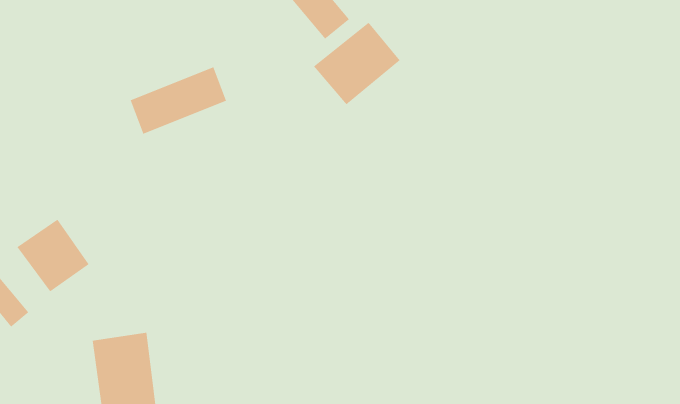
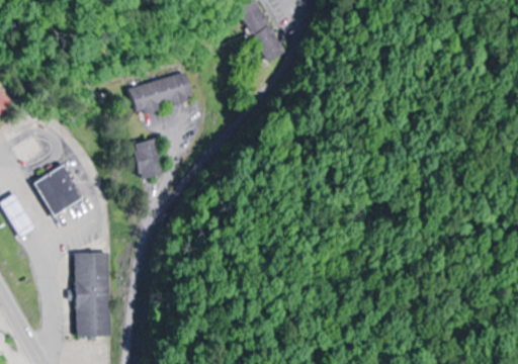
building: [313,22,401,105] -> none
building: none -> [127,136,166,179]

